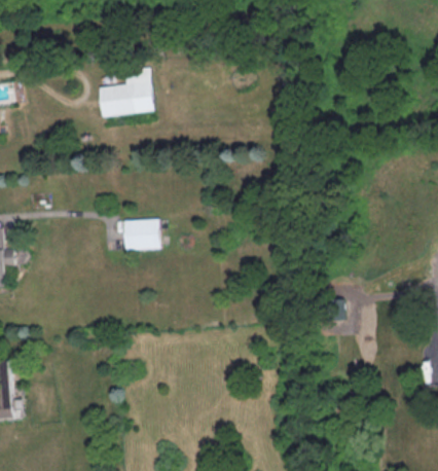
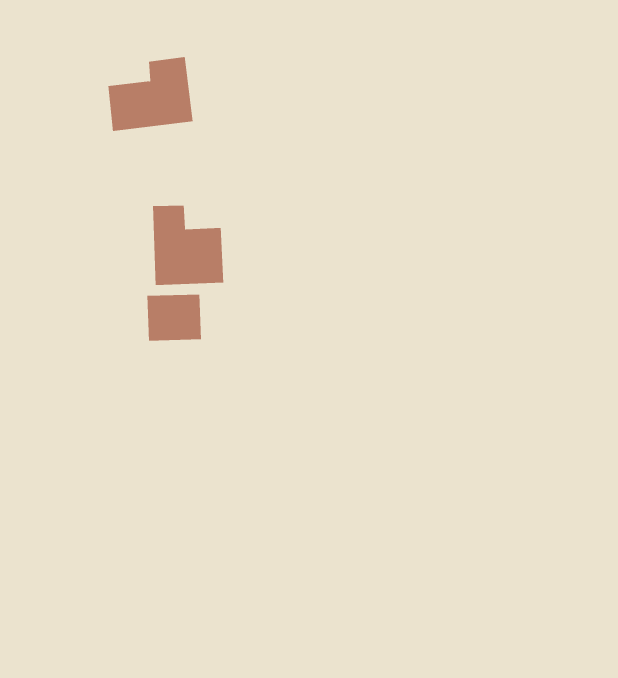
building: none -> [153,205,224,286]

